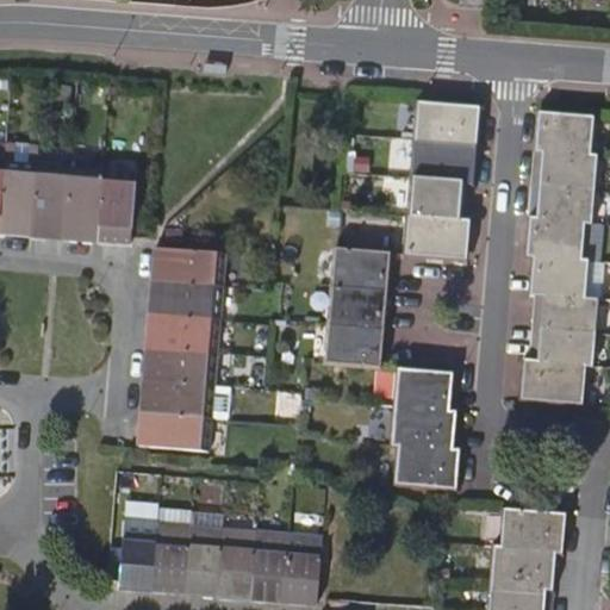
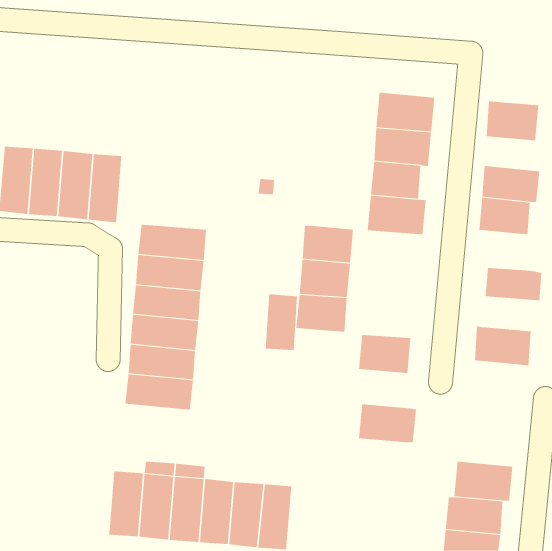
building: [533,150,597,188] -> none
building: [530,254,587,298] -> none
building: none -> [265,293,298,351]
building: [531,326,595,365] -> none
building: [391,406,455,449] -> none

